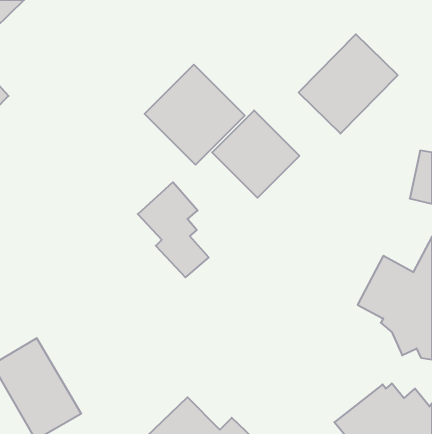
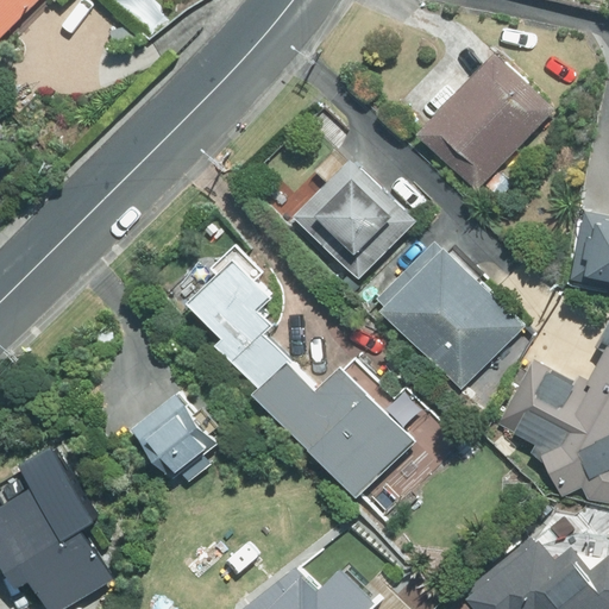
building: [145,65,245,165] -> none
building: none -> [375,245,523,391]
building: none -> [258,358,416,497]
building: none -> [132,393,219,479]

